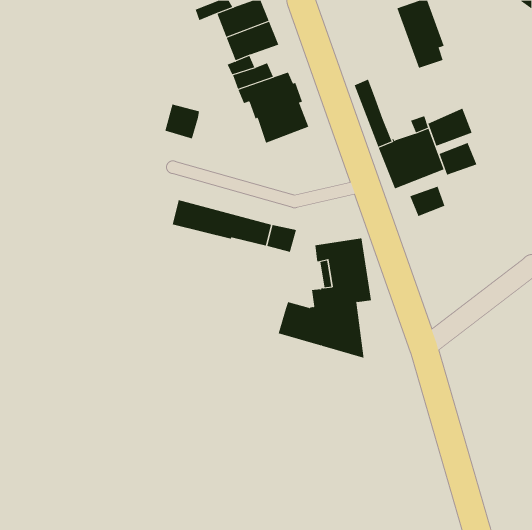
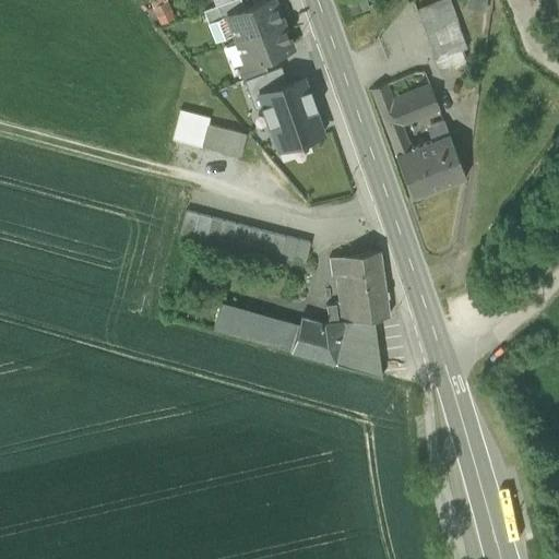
building: [428,108,472,146] -> [393,85,440,126]
building: none -> [202,124,247,157]
building: [439,142,477,176] -> none
building: [409,186,445,217] -> none
building: none -> [214,304,299,352]

